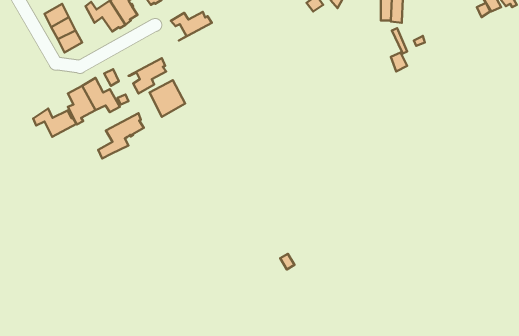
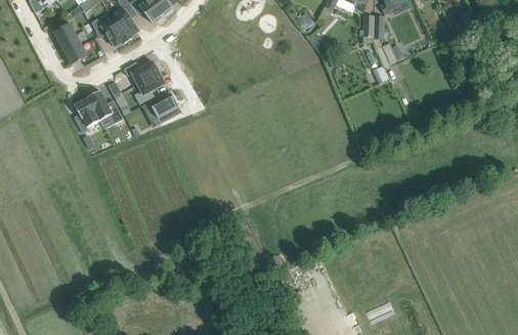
building: [171,12,212,41] -> [123,60,161,87]
building: [33,109,76,137] -> none
building: [98,113,144,159] -> none

